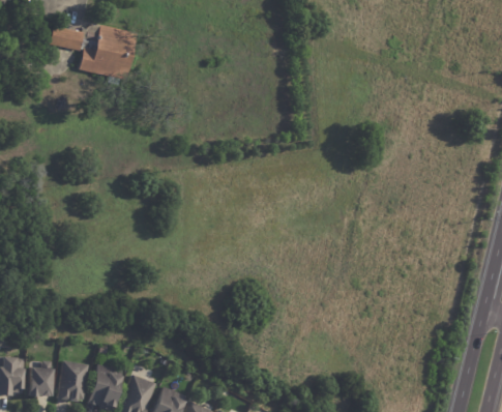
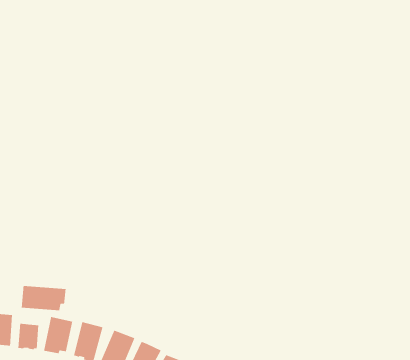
building: [83,25,139,80] -> none
building: [50,26,84,51] -> none
building: none -> [21,285,67,311]

